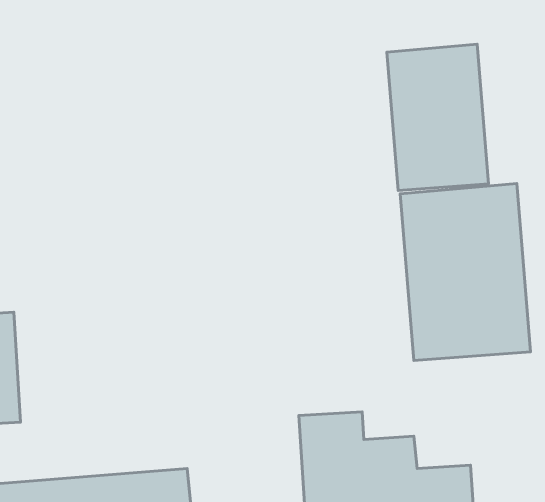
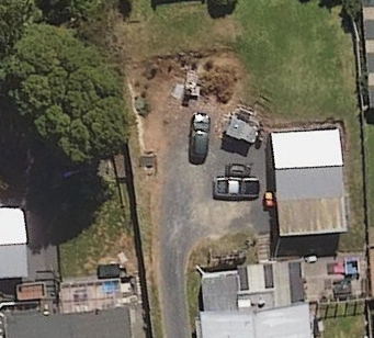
building: [387,44,489,191] -> none

